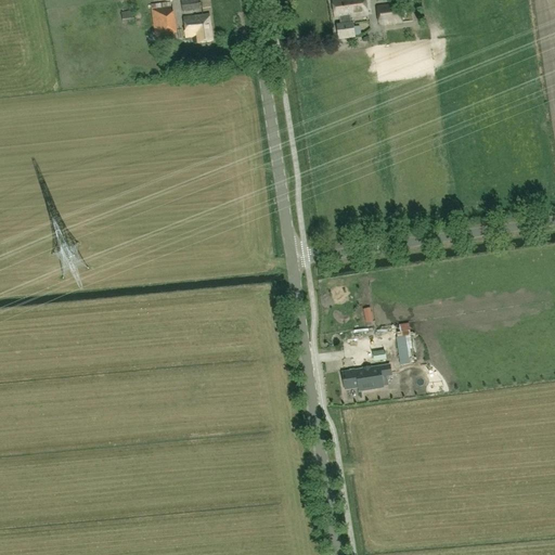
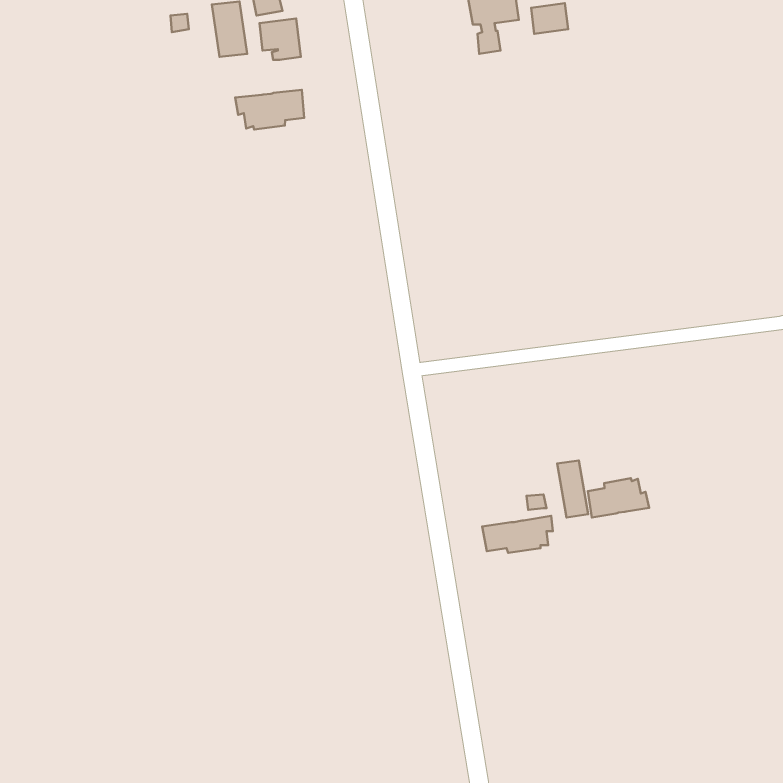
building: none -> [235,90,304,130]
building: none -> [588,478,649,518]

